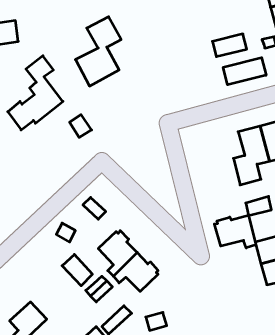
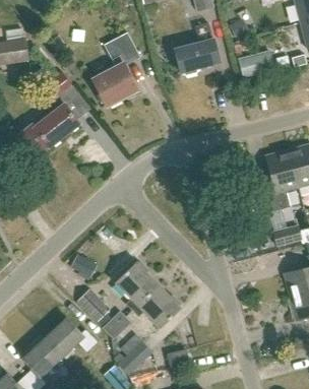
building: none -> [174,21,220,71]
building: [223,58,266,85] -> none
building: [214,215,256,248] -> none
building: none -> [44,316,97,355]

